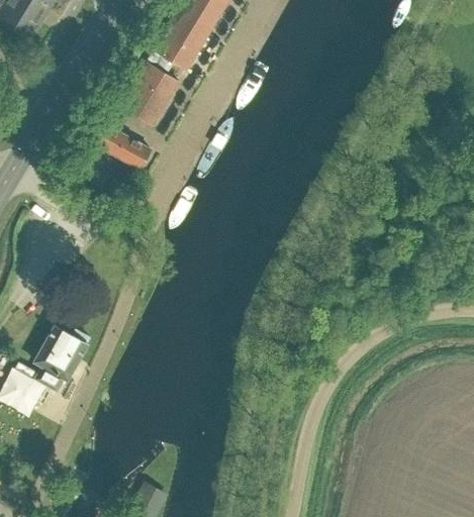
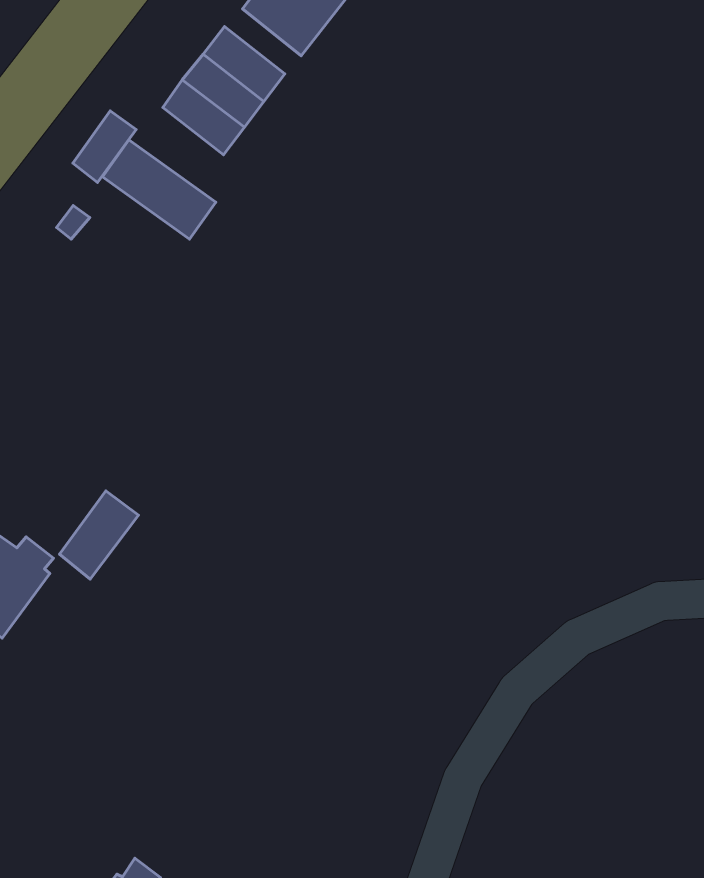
building: none -> [73,111,136,183]
building: none -> [60,491,138,579]

